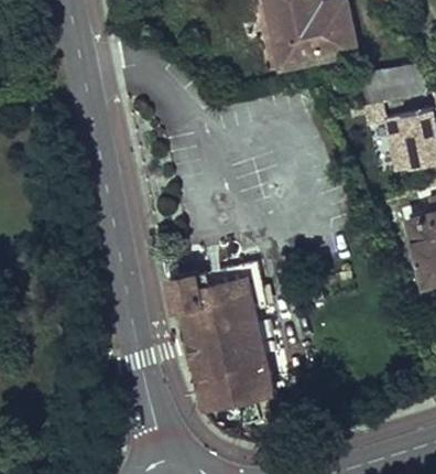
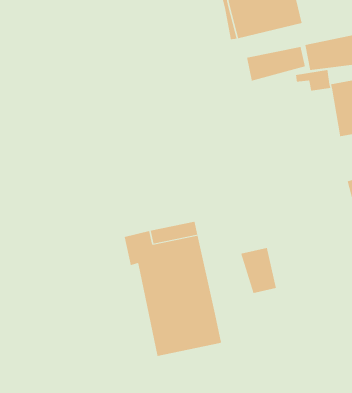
building: none -> [247,46,305,82]
building: none -> [240,247,276,294]

